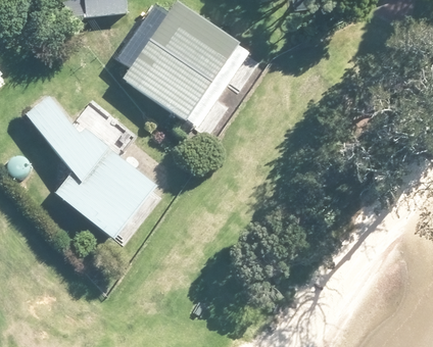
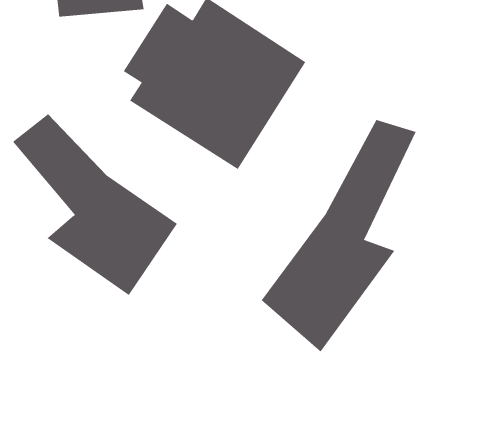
building: none -> [261,119,416,352]

